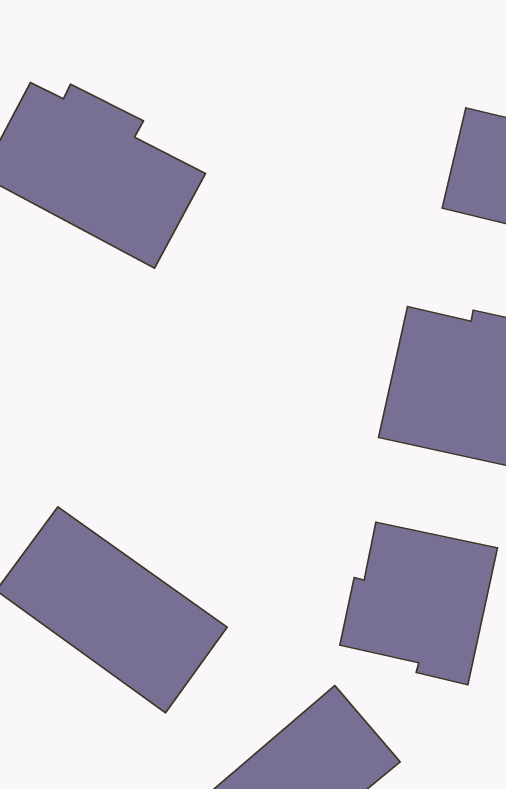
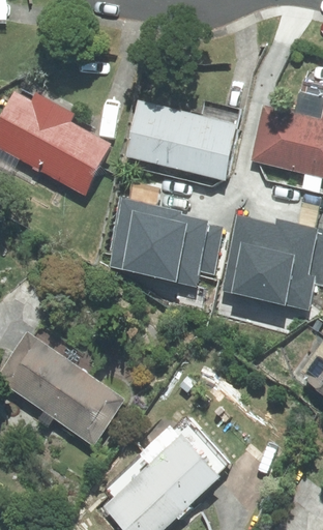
building: none -> [117,97,233,179]
building: none -> [105,199,202,285]
building: [340,522,497,685] -> none

